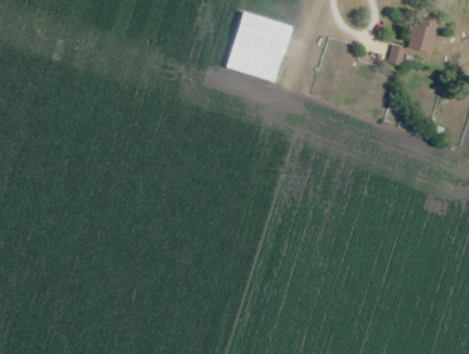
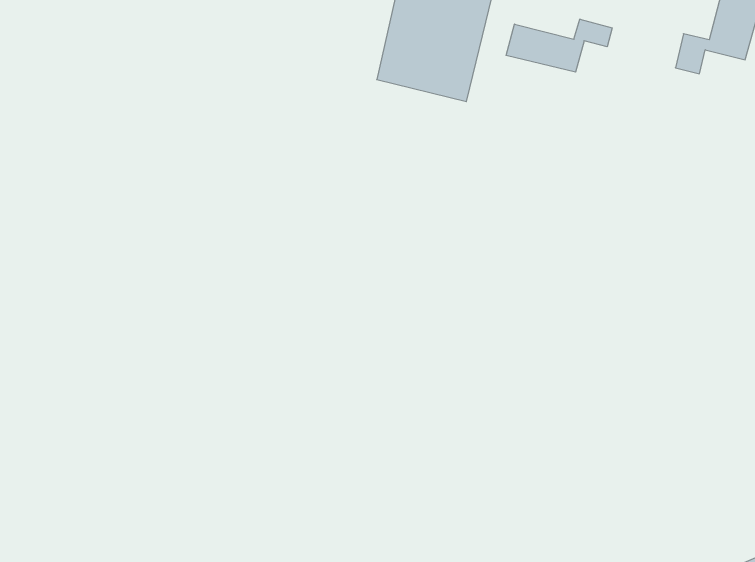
building: none -> [506,19,612,72]

